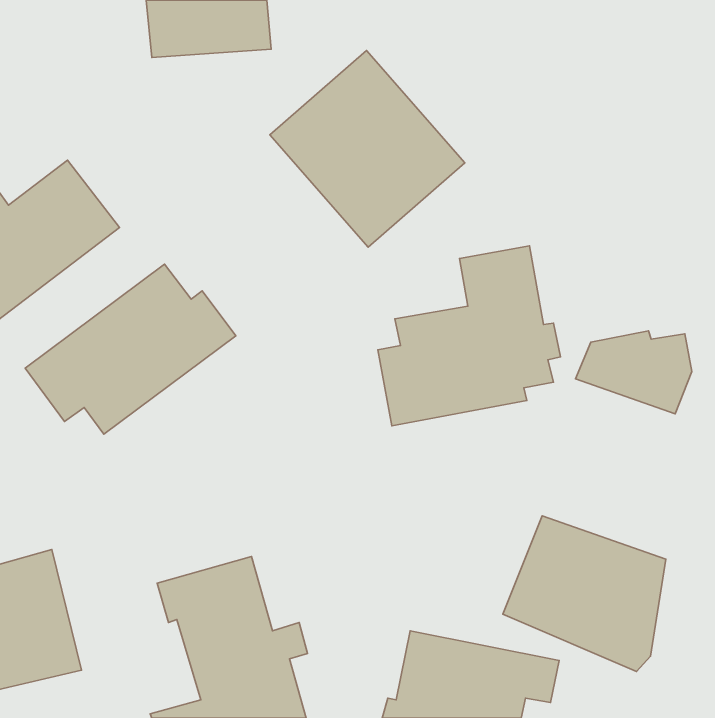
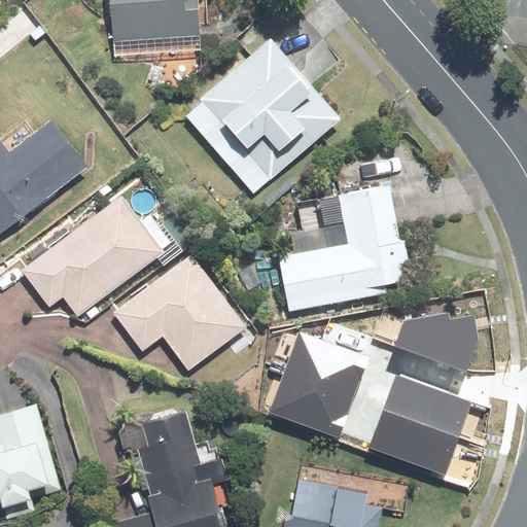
building: [575,331,692,414] -> [392,312,478,373]
building: none -> [110,252,246,372]
building: none -> [267,331,366,440]

